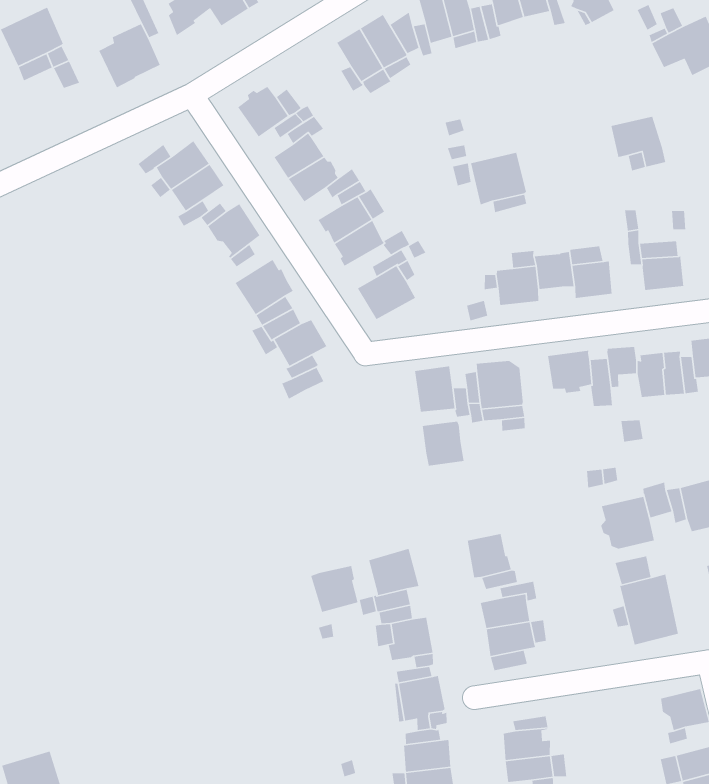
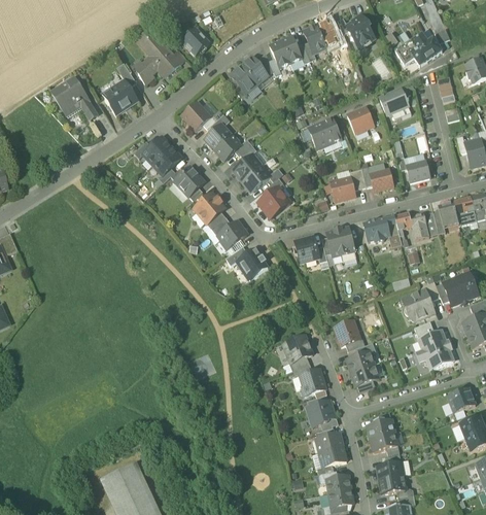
building: none -> [347,106,374,133]
building: none -> [239,248,268,278]
building: [422,421,464,466] -> none
building: [310,565,359,613] -> none

